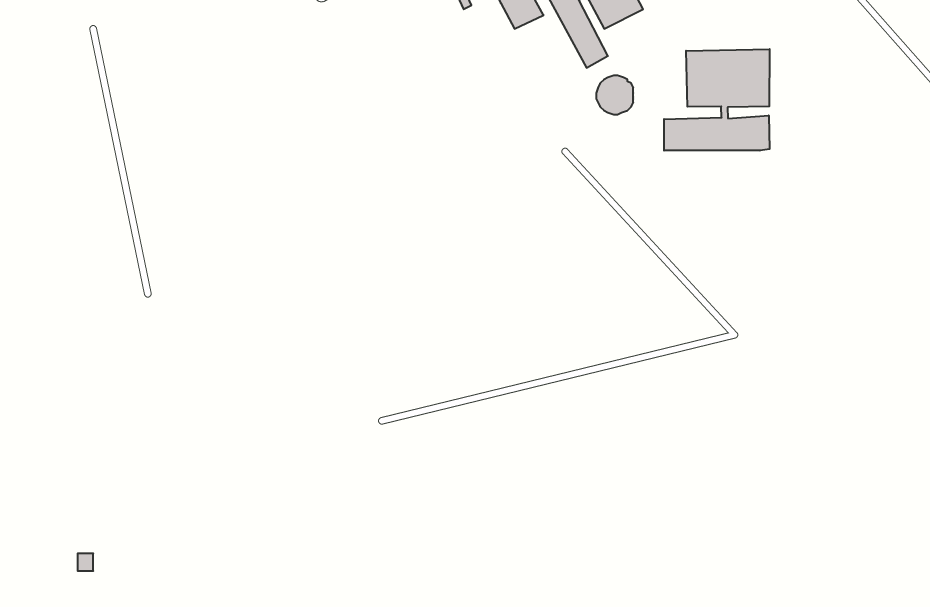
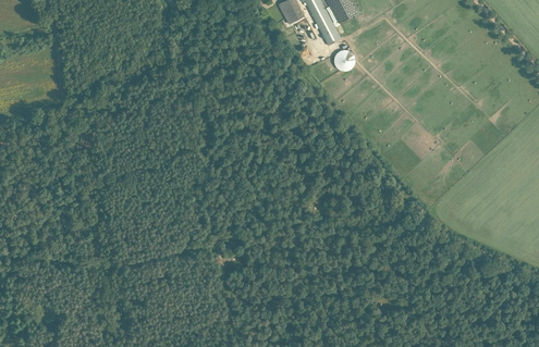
building: [664,49,770,151] -> none

